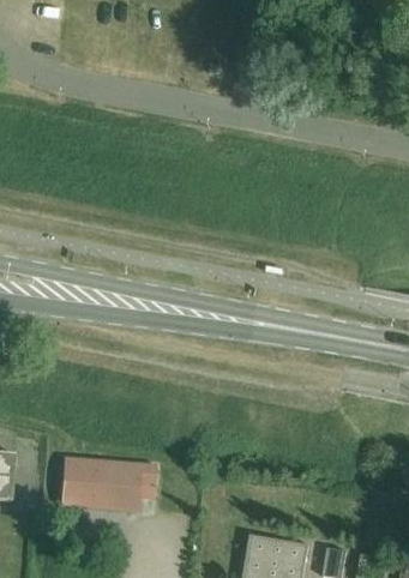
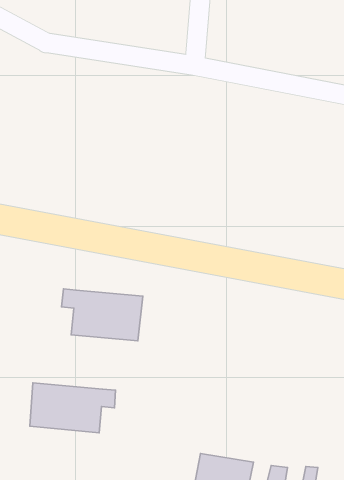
building: none -> [61,289,143,341]

